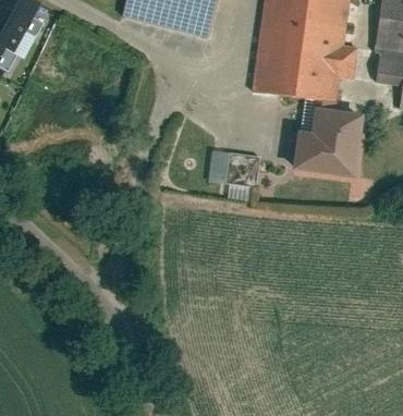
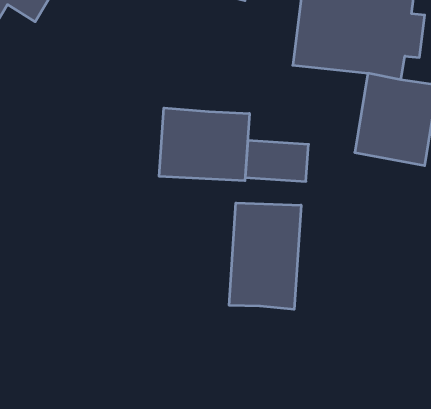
building: none -> [159,108,249,181]
building: none -> [229,203,301,309]

